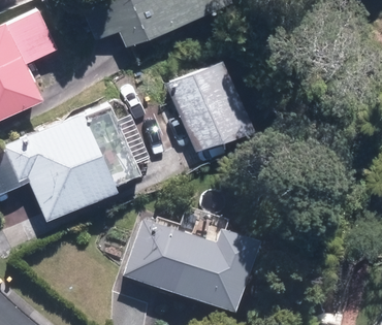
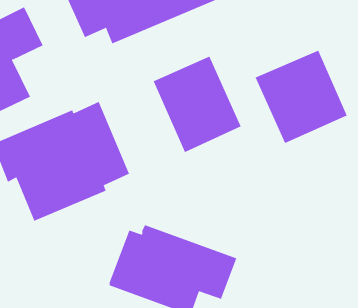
building: none -> [255,50,347,144]

